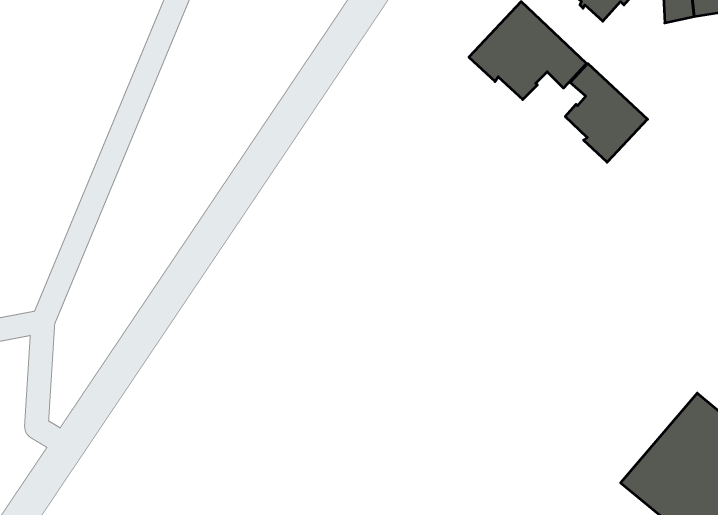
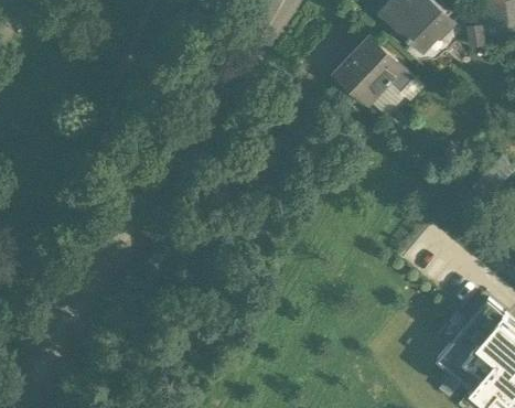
building: [565,64,648,162] -> none

